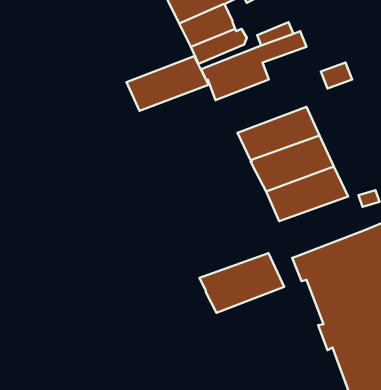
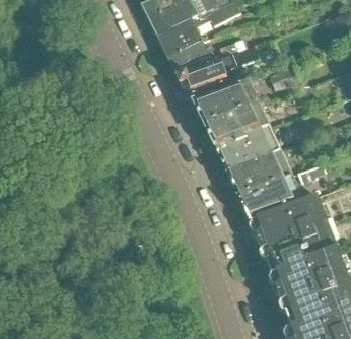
building: [126,56,208,111] -> [196,83,260,126]
building: [199,253,284,313] -> [238,176,304,222]

